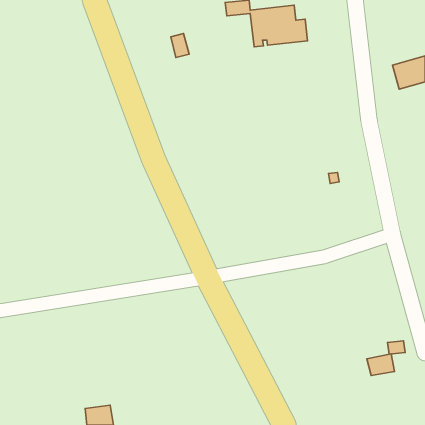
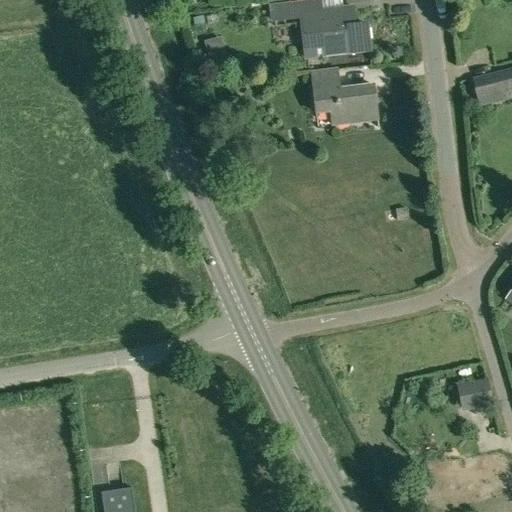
building: none -> [310,68,377,124]
building: [367,354,394,376] -> [458,380,491,406]

